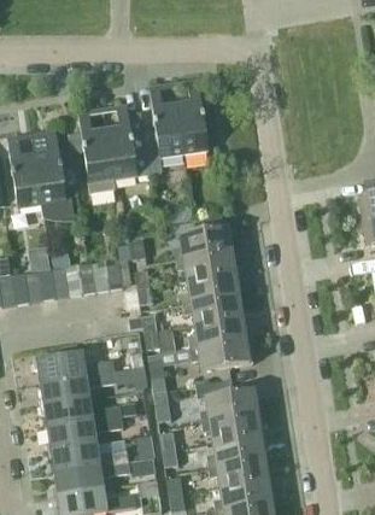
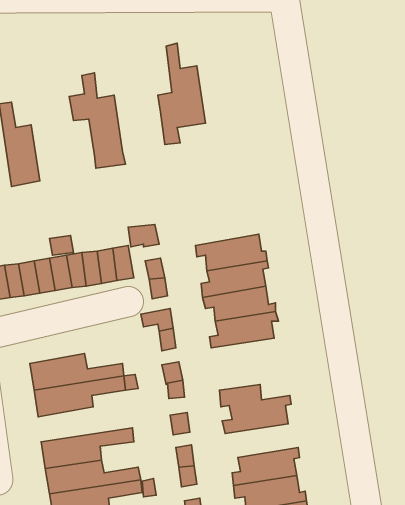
building: [177,78,209,153] -> none
building: [106,104,150,177] -> none
building: [33,129,76,220] -> none
building: [174,217,232,258] -> none
building: [189,338,253,369] -> none
building: [41,397,122,427] -> none
building: [201,411,264,440] -> none

